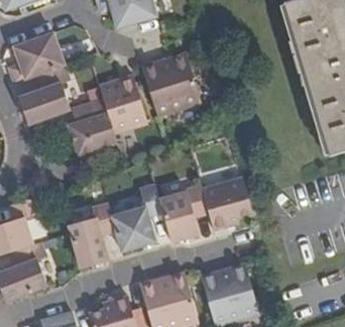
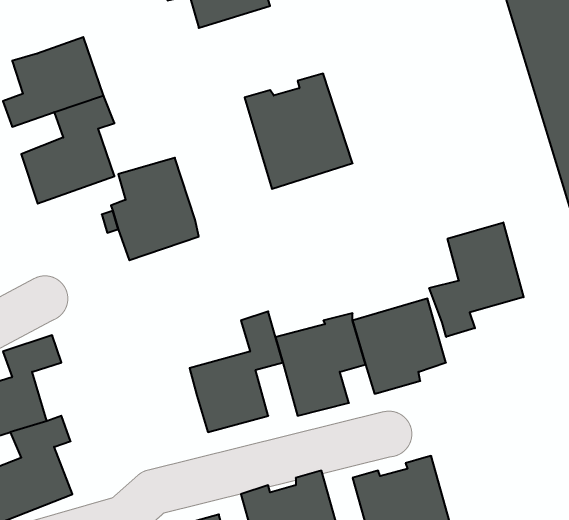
building: [99,75,147,133] -> none
building: none -> [429,222,524,337]
building: [68,203,115,267] -> none

